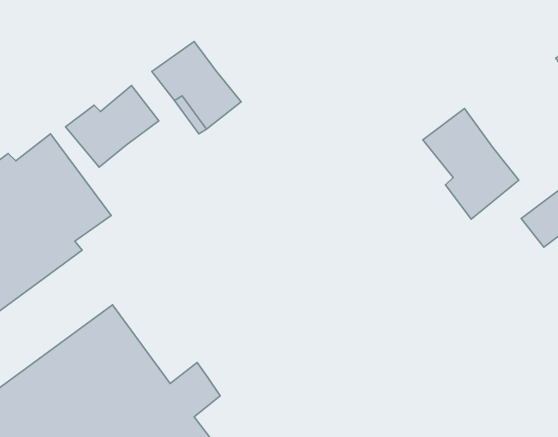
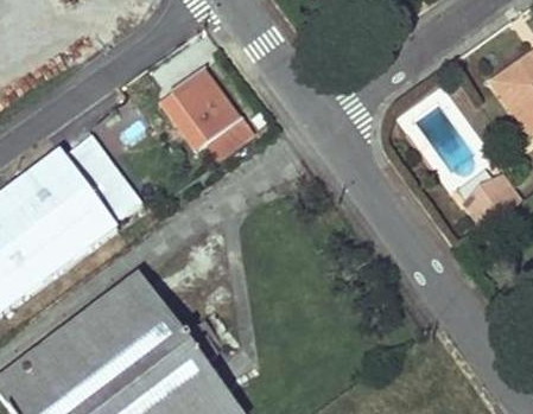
building: [66,86,159,167] -> none
building: [423,109,519,219] -> none

